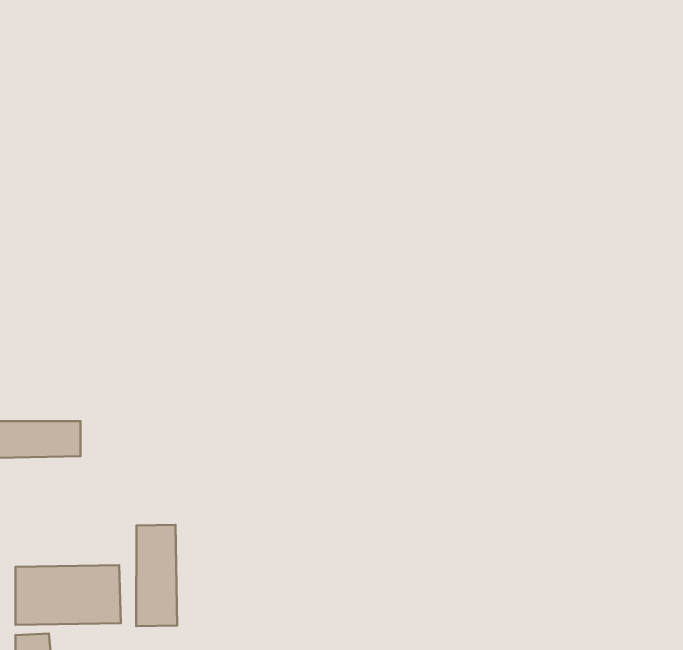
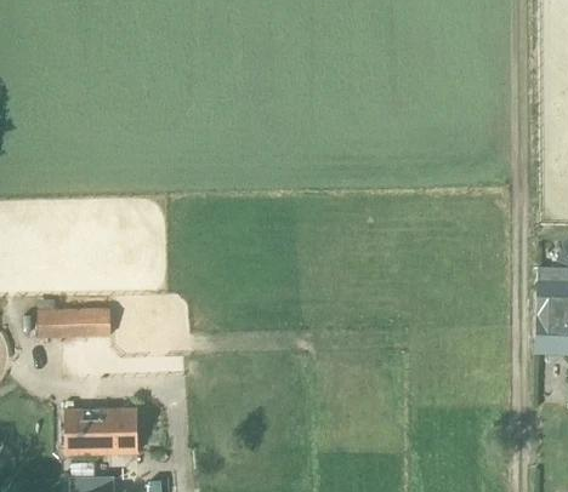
building: [136,525,177,626] -> none

